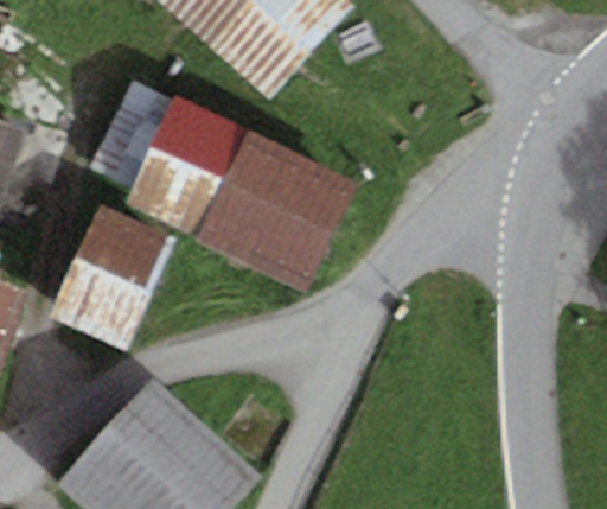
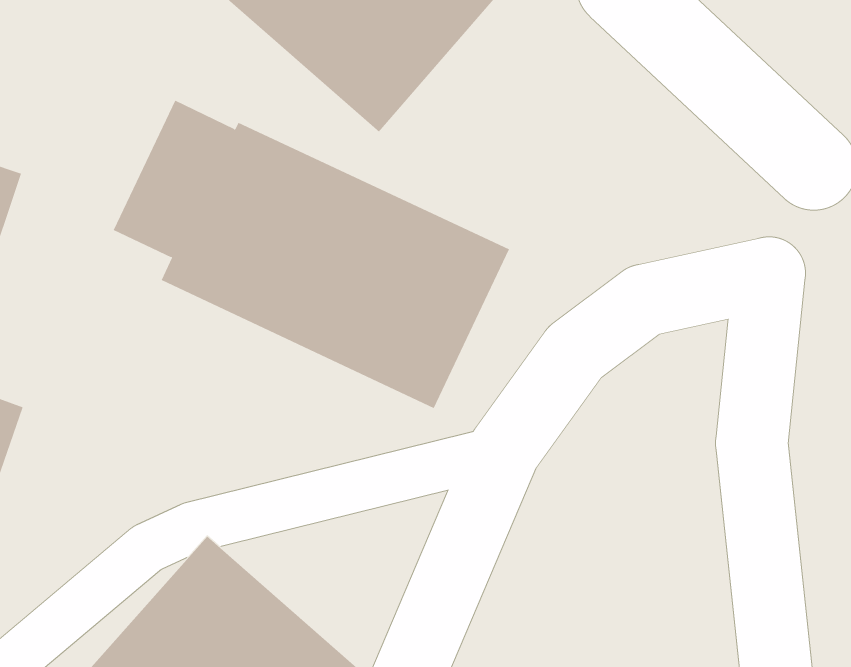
building: [49,202,175,349] -> none

